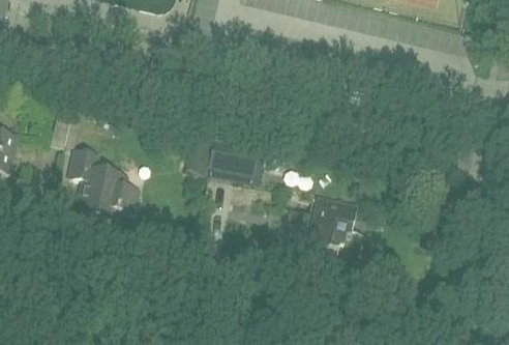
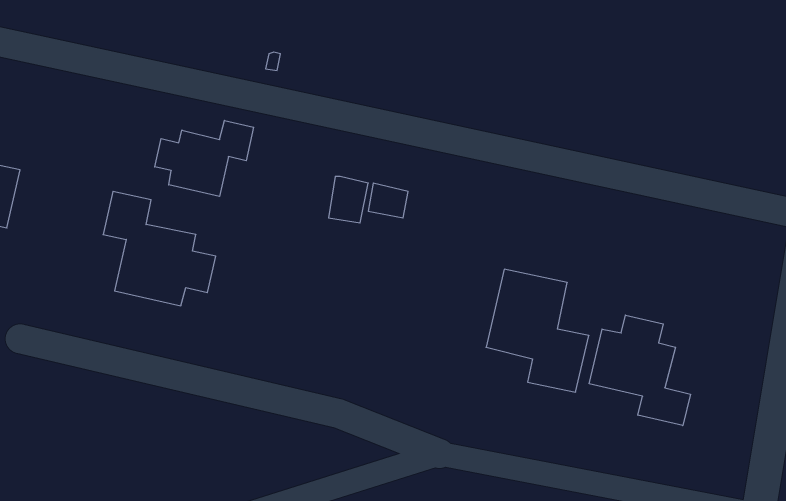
building: none -> [155,120,254,196]
building: none -> [589,315,690,426]

